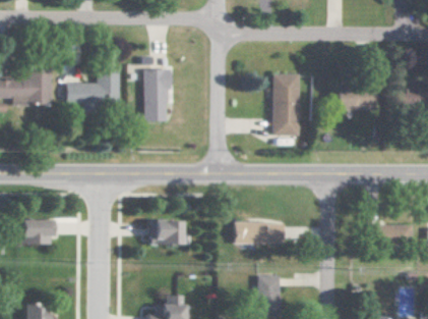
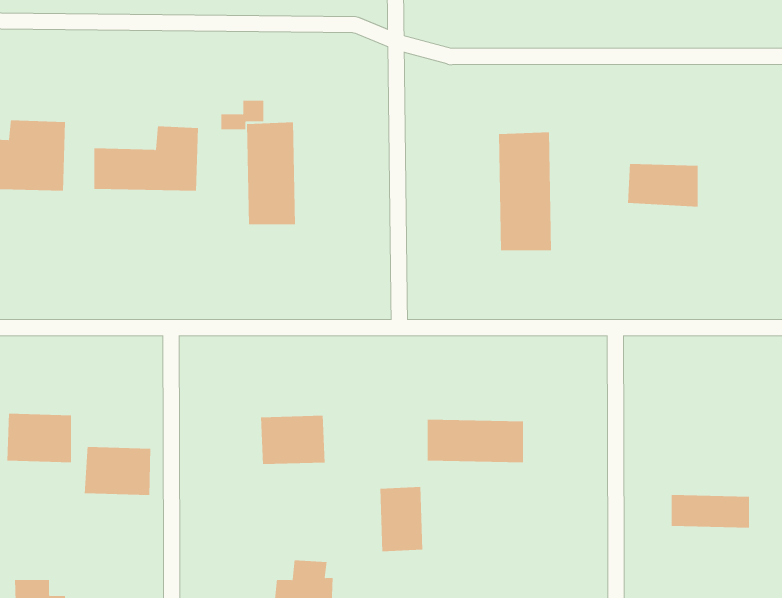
building: [372,224,413,242] -> [671,494,750,528]
building: none -> [84,446,151,496]
building: [258,275,281,309] -> [379,486,423,552]

